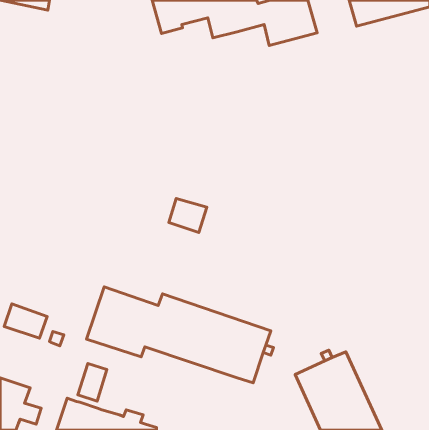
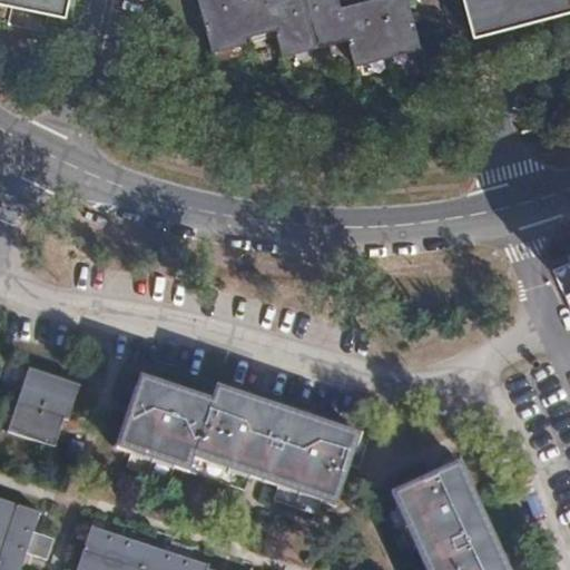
building: [169,198,207,232] -> none
building: none -> [17,367,79,420]
building: [78,363,107,401] -> none

